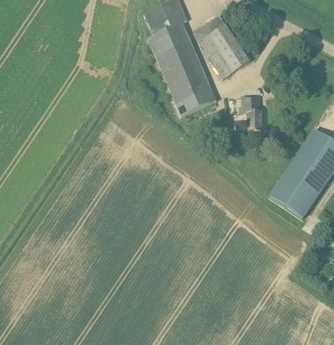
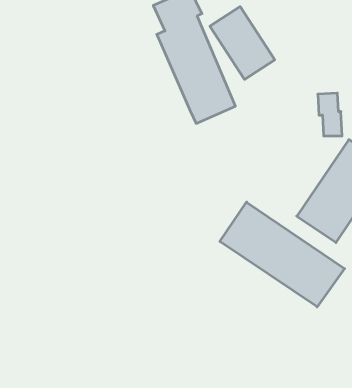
building: [242,93,263,130] -> [318,93,342,136]
building: none -> [220,202,345,307]

